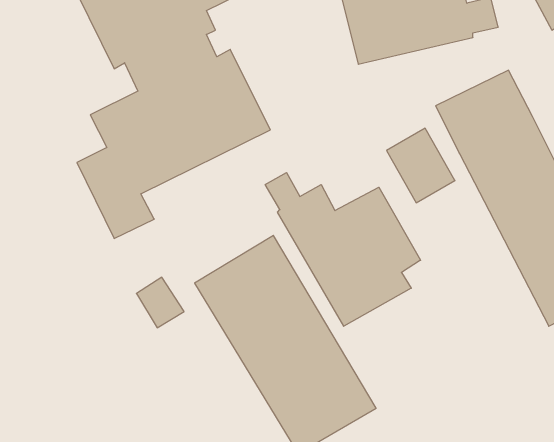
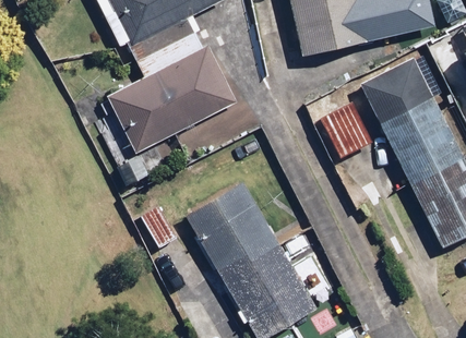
building: [265,173,421,326] -> none

